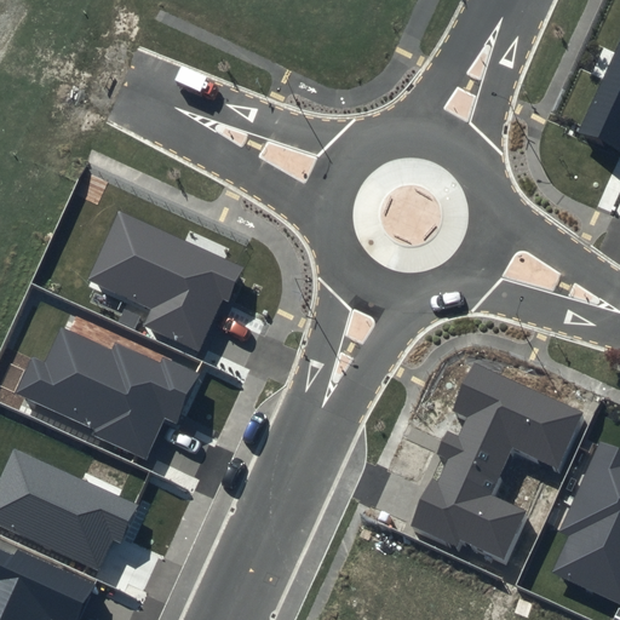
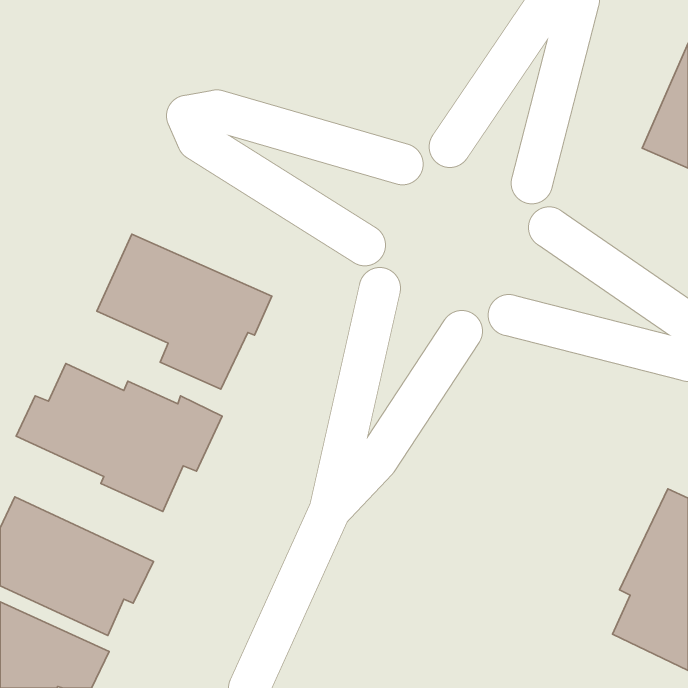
building: [411,362,587,567] -> none

